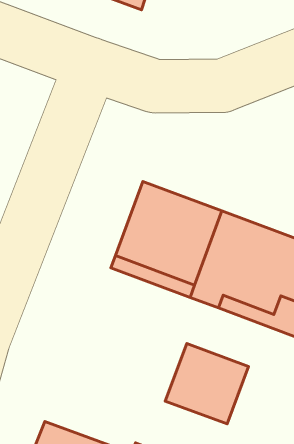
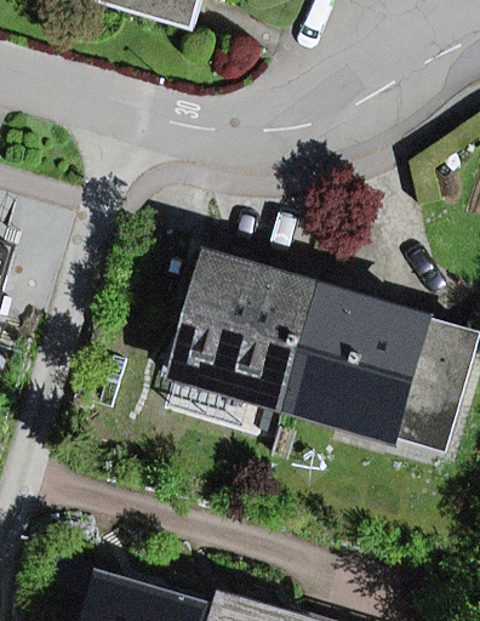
building: [165,343,249,424] -> none

